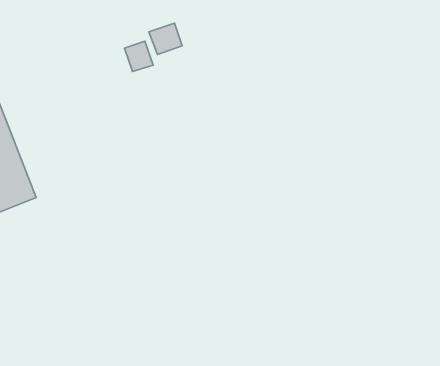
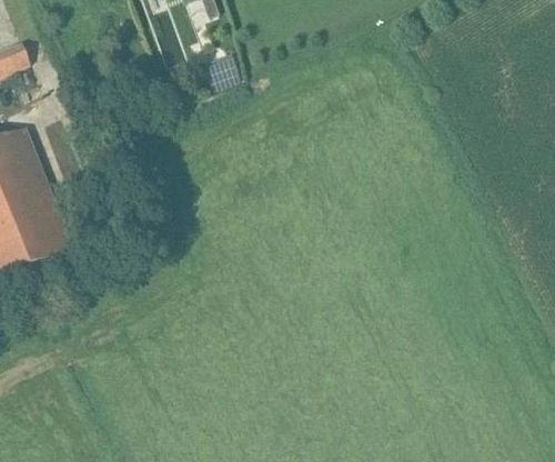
building: [125,41,153,71] -> none

